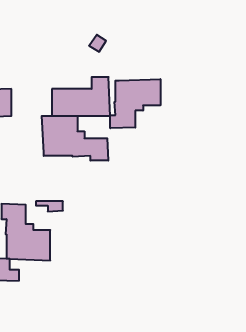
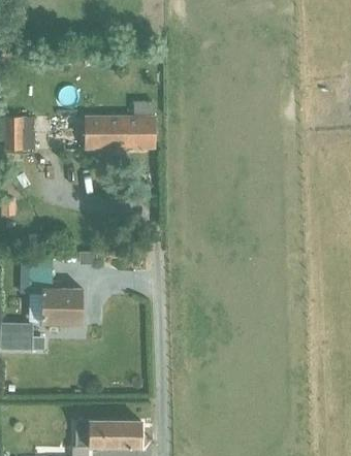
building: [110,79,160,128] -> none
building: [42,116,108,161] -> none

